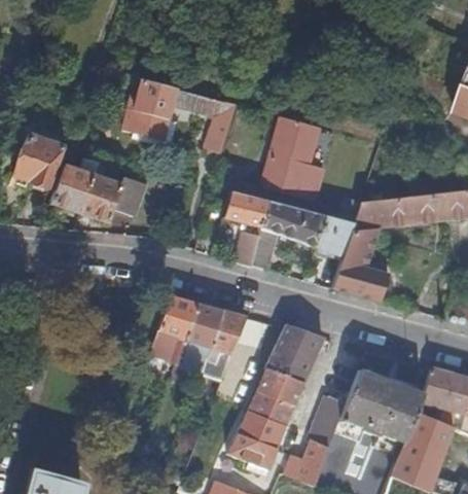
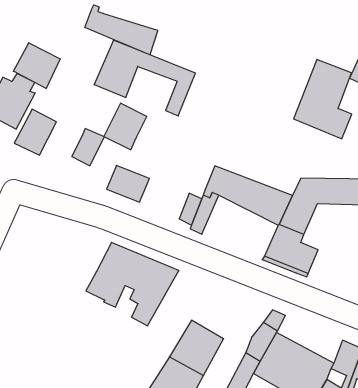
building: none -> [85,5,158,55]
building: none -> [13,43,60,89]
building: [263,116,325,198] -> [294,60,352,139]
building: [79,176,122,224] -> [104,103,147,150]
building: [224,191,268,227] -> [107,165,149,202]
building: [265,324,322,385] -> none

